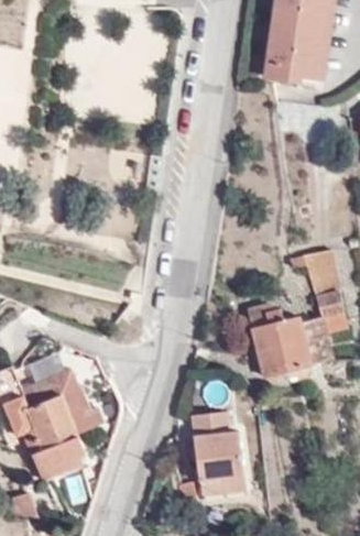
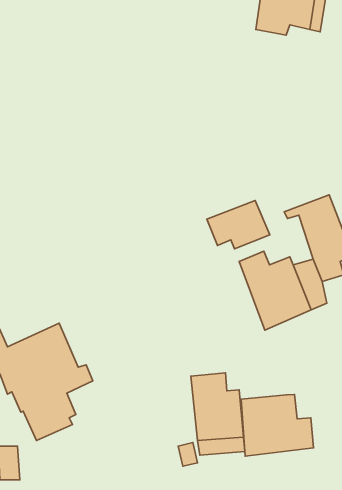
building: none -> [207,200,270,249]
building: none -> [241,394,314,456]

